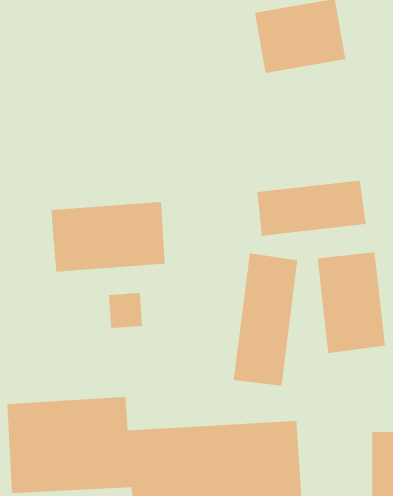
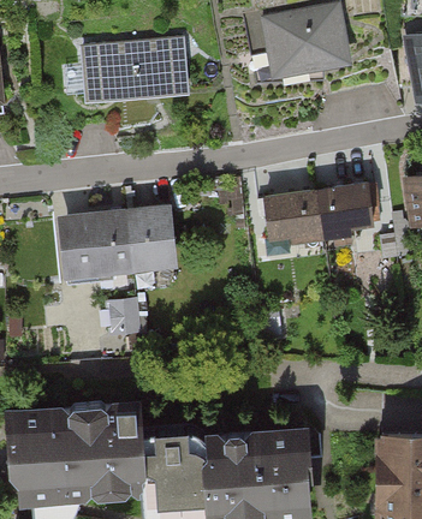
building: none -> [79,40,186,101]
building: [317,251,386,354] -> none
building: [233,253,298,386] -> none

